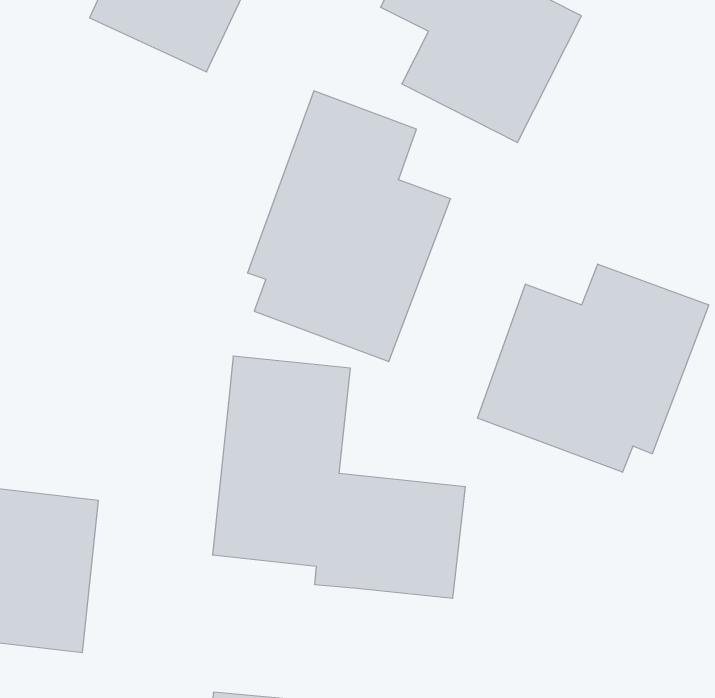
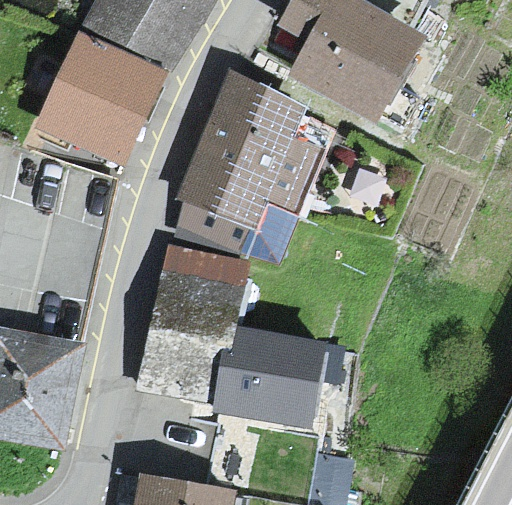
building: none -> [40,36,157,157]
building: [477,264,709,472] -> none

